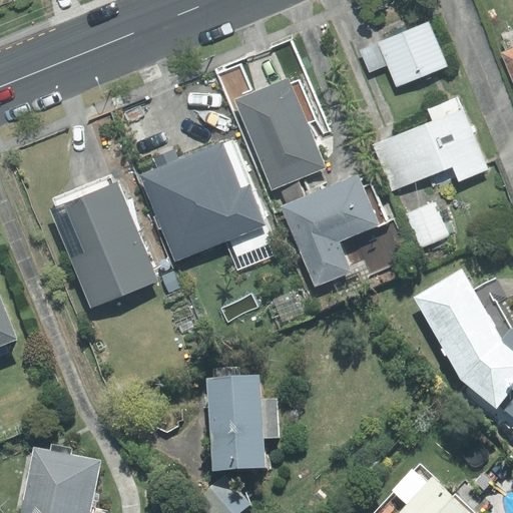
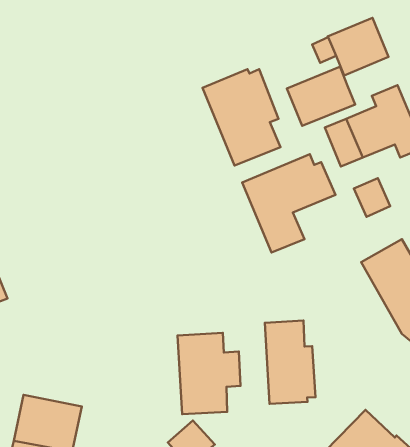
building: none -> [287,67,355,126]
building: [139,137,281,272] -> none
building: [53,178,154,305] -> none
building: none -> [265,321,316,404]

